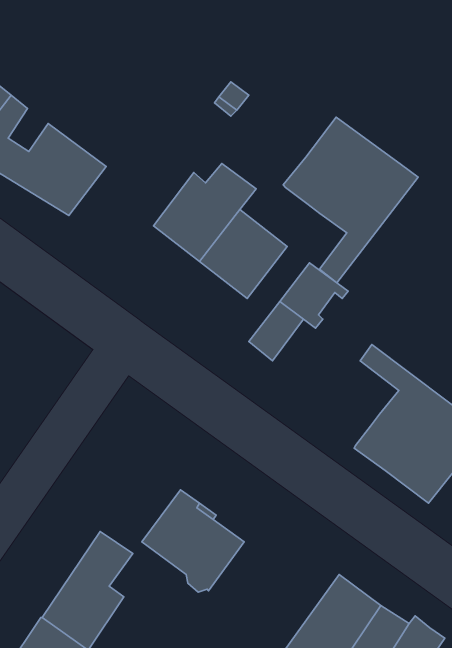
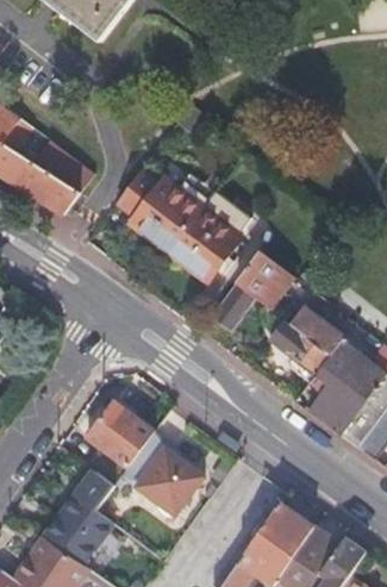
building: [283,117,418,283] -> none
building: none -> [113,166,166,223]
building: none -> [269,321,330,383]
building: none -> [88,402,156,486]

